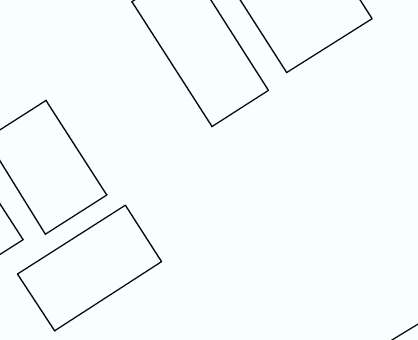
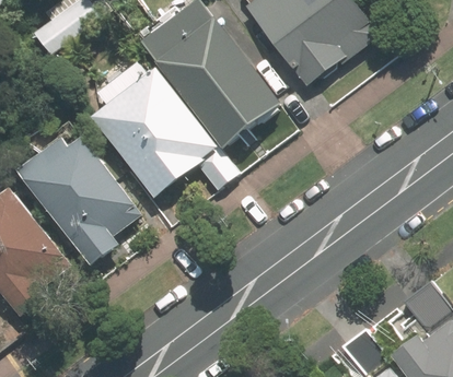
building: none -> [100,81,210,196]
building: [18,205,161,331] -> none

